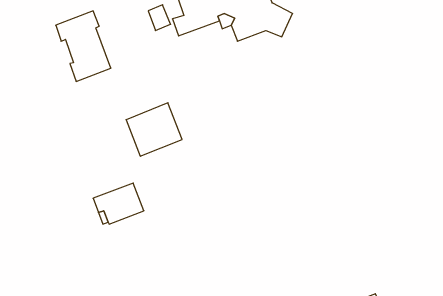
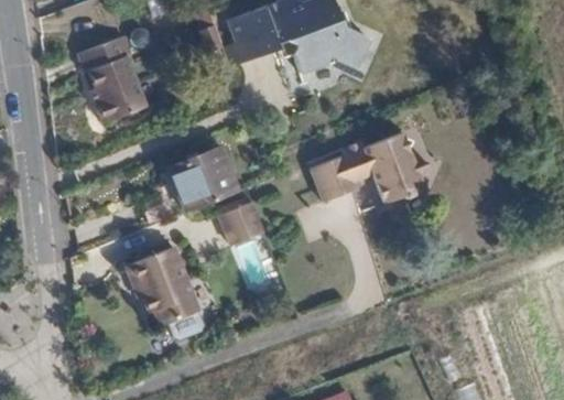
building: none -> [308,131,433,202]
building: none -> [221,201,263,242]
building: none -> [144,281,199,325]

